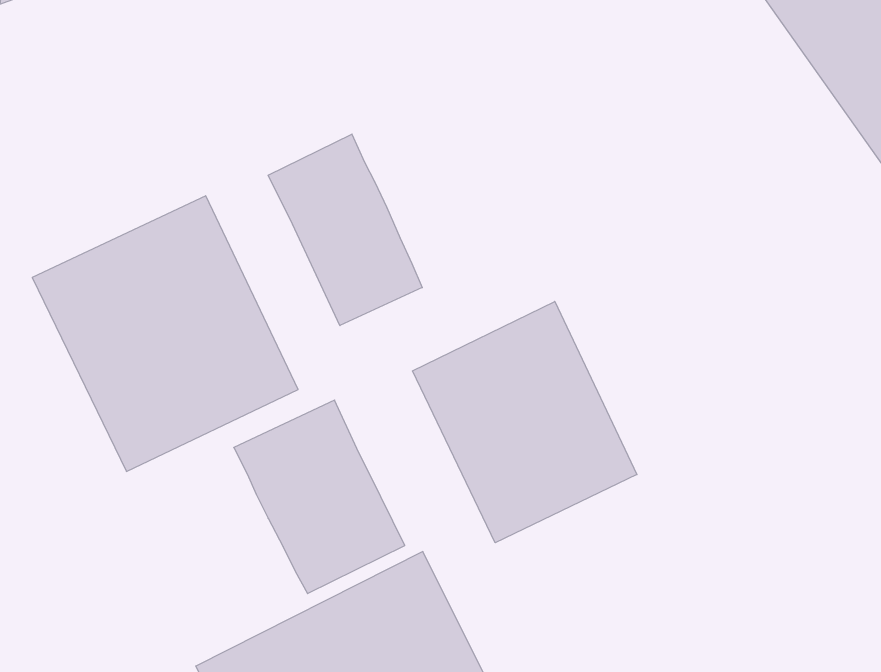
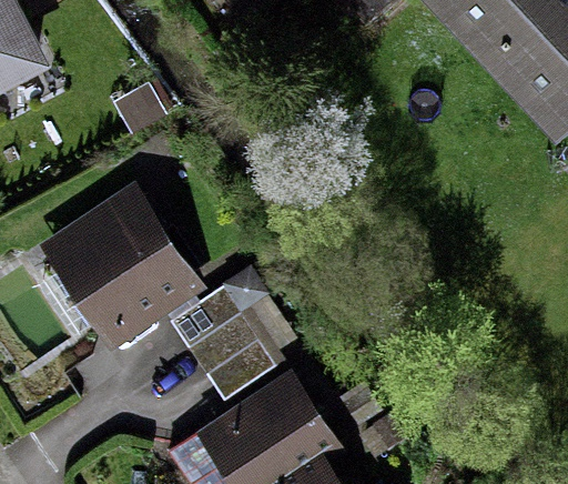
building: [268,134,422,326] -> none
building: [412,301,637,543] -> none

